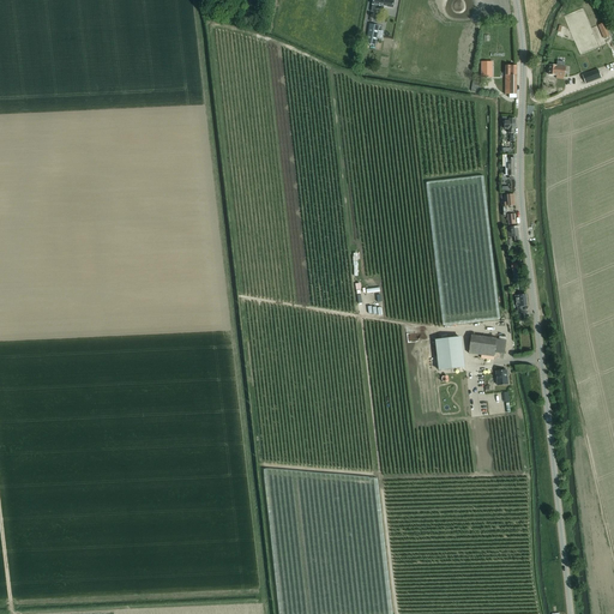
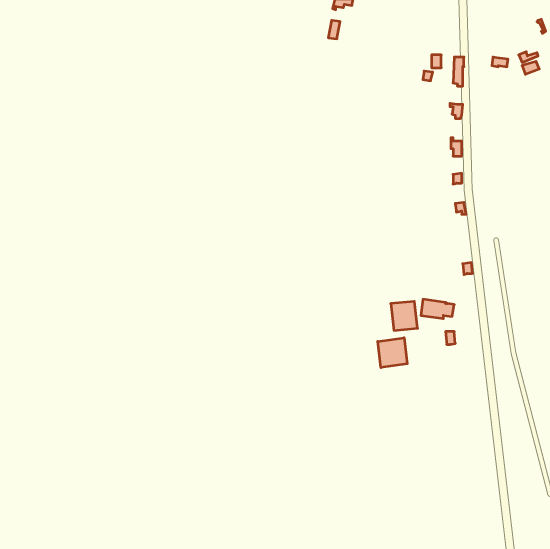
building: none -> [378,338,407,368]

